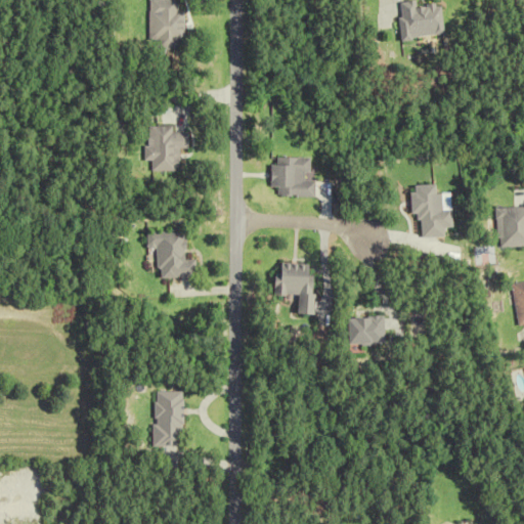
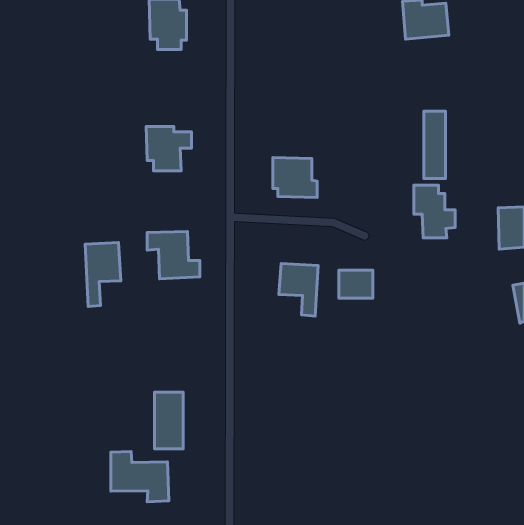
building: none -> [424,111,446,178]
building: none -> [85,243,121,307]
building: [352,316,386,344] -> [339,270,373,298]
building: none -> [111,451,169,502]

